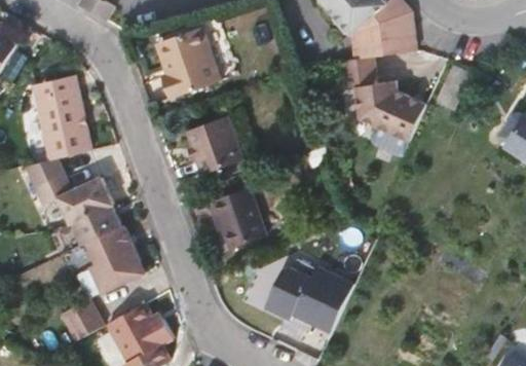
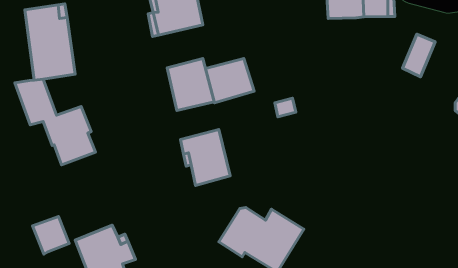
building: [343,52,427,145] -> none
building: none -> [205,58,254,103]
building: [87,226,146,292] -> none

